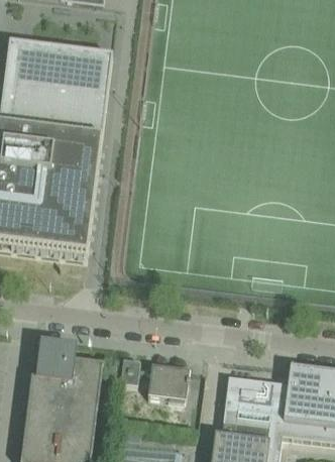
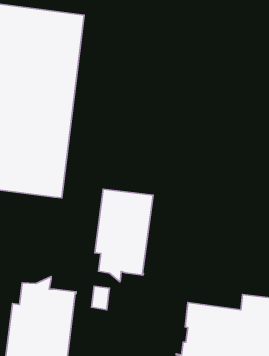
building: none -> [95,189,153,282]
building: [147,361,189,395] -> none

